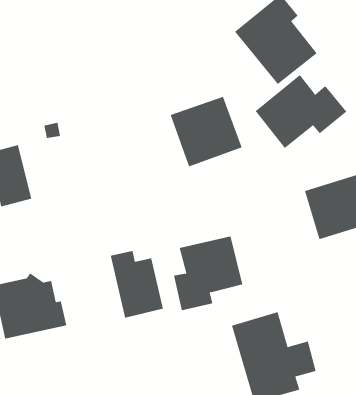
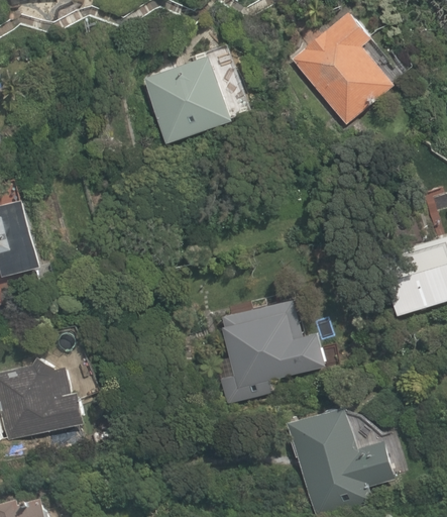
building: [255,74,347,149] -> none
building: [170,96,242,167] -> [143,56,233,143]
building: [110,250,164,319] -> none

